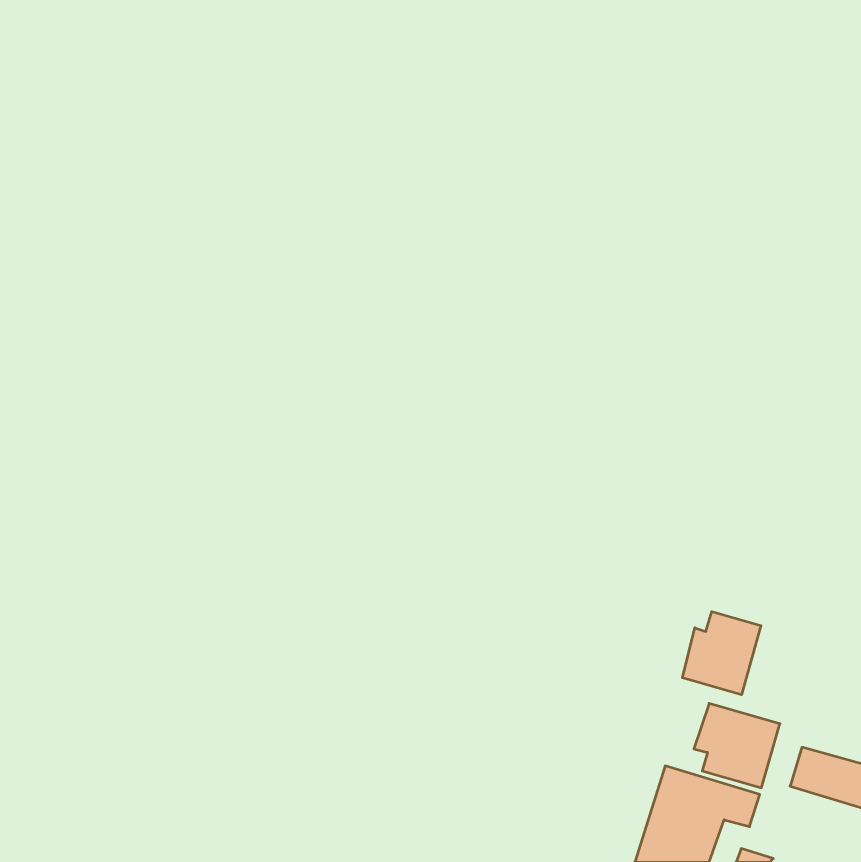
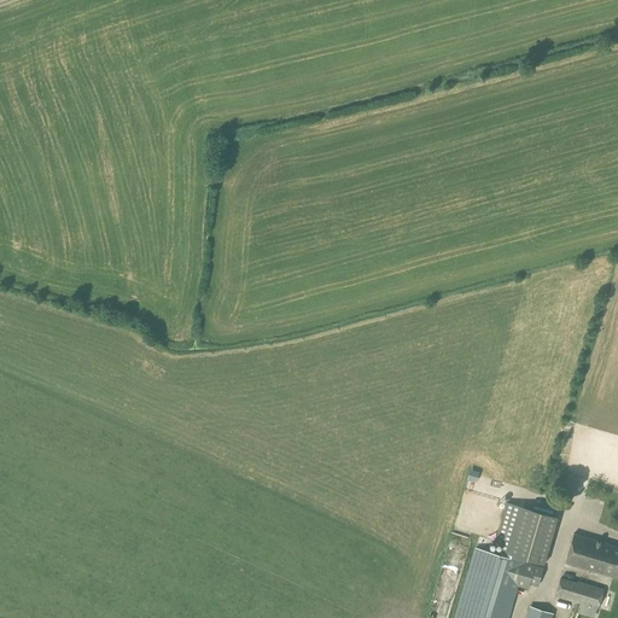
building: [682,612,761,695] -> none
building: none -> [556,578,605,608]

